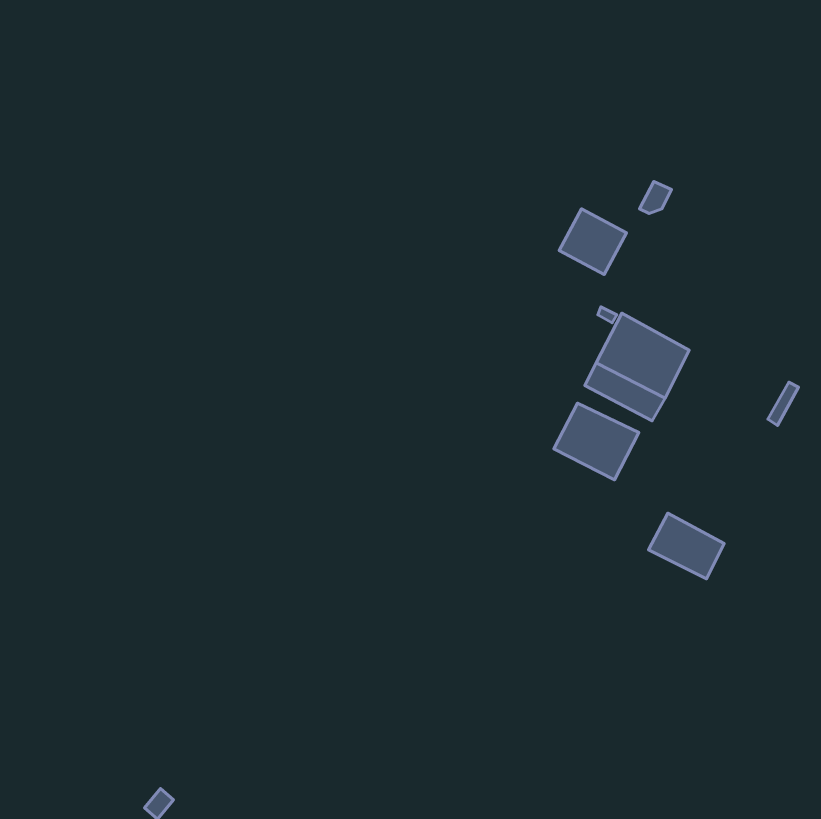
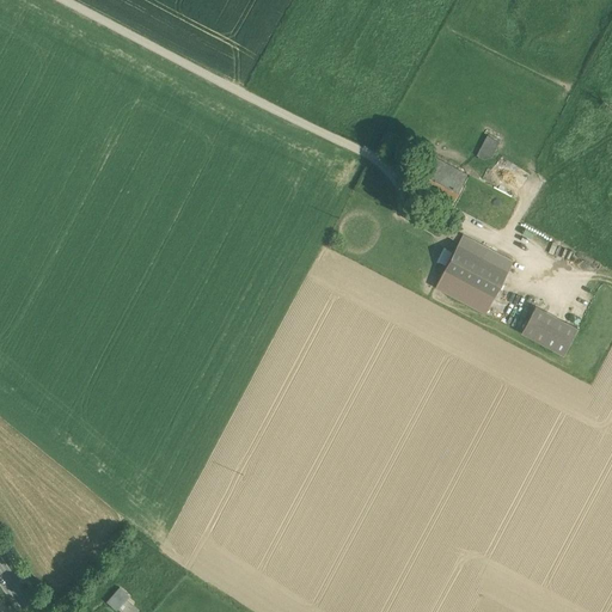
building: [554,403,639,480] -> none
building: [649,513,724,579] -> [521,306,577,355]

